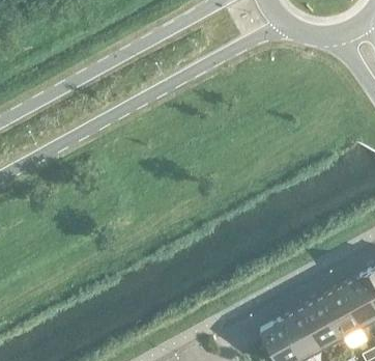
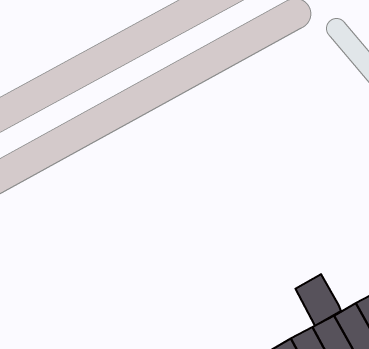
building: none -> [295,274,341,326]

